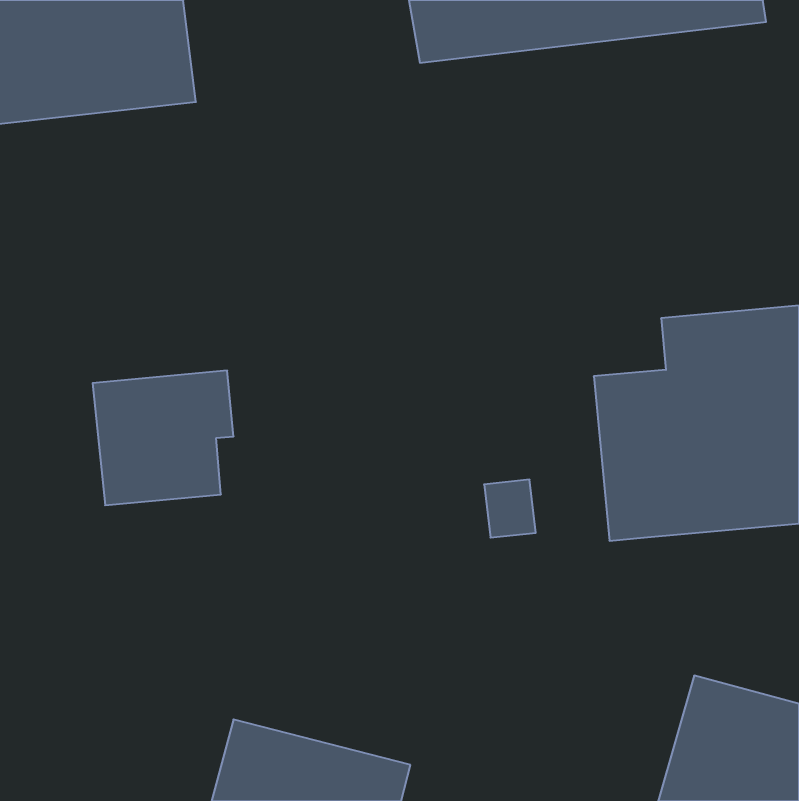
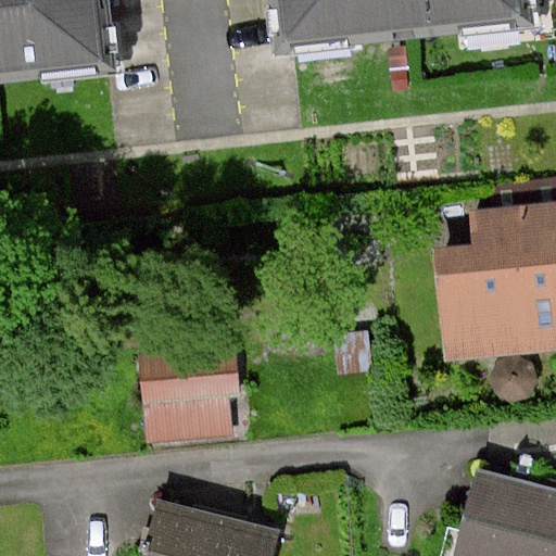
building: [93,371,234,505] -> [143,348,241,441]

